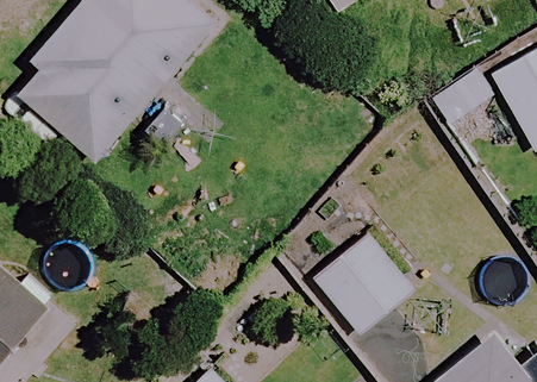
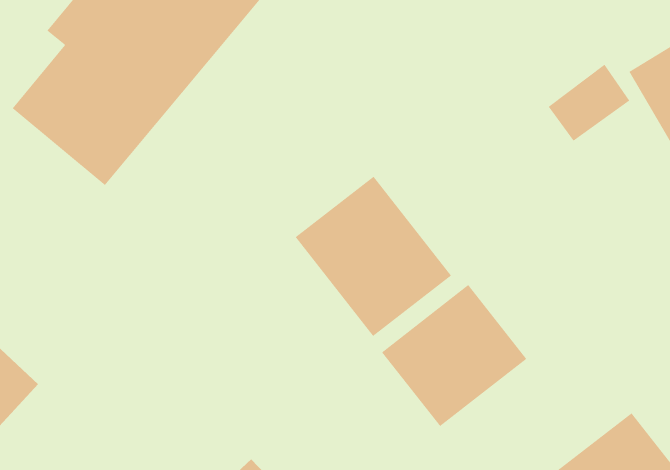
building: none -> [295,176,452,337]

